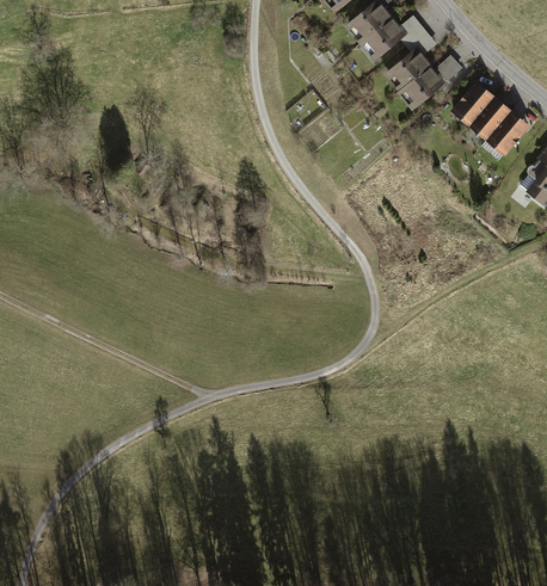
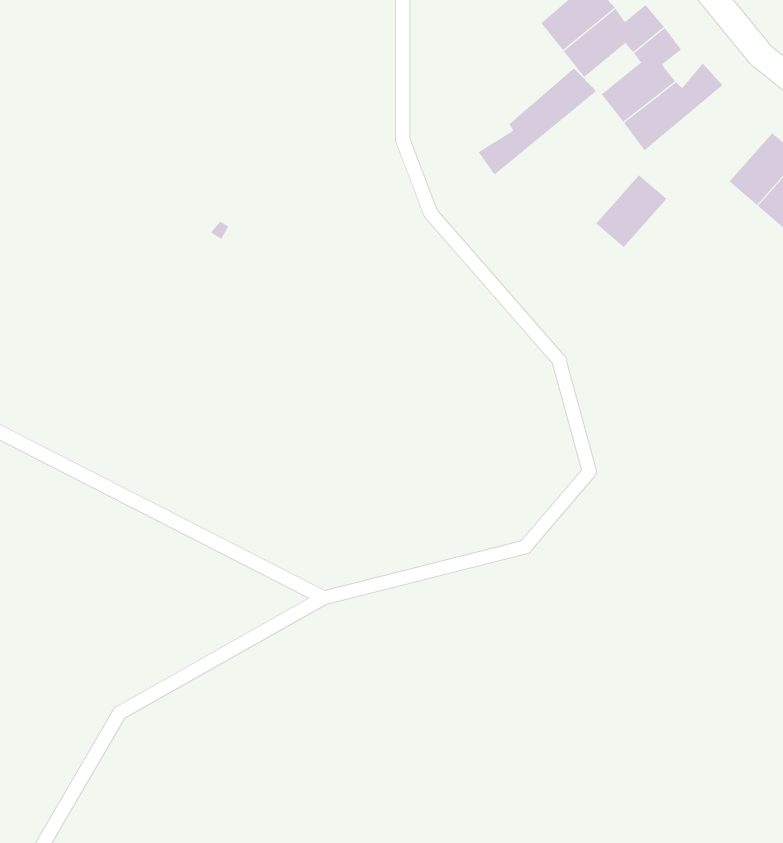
building: none -> [478,68,597,175]
building: [449,80,494,127] -> [595,174,667,248]

